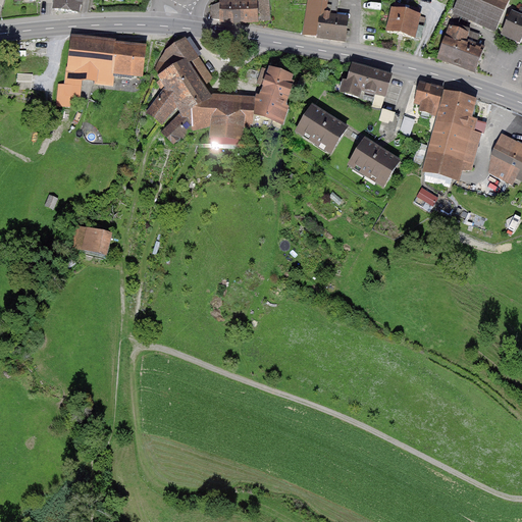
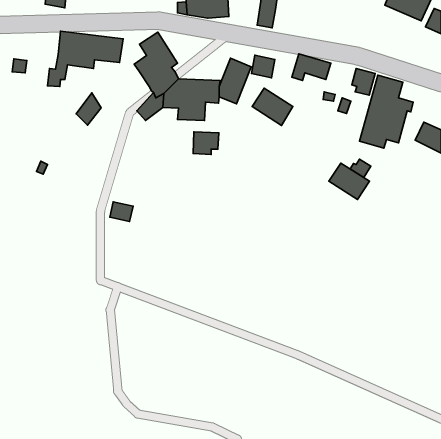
building: [387,7,419,34] -> none
building: [320,11,348,38] -> [251,55,275,78]
building: [437,24,483,69] -> none
building: [146,85,175,122] -> [76,93,101,125]
building: [350,138,398,180] -> [329,163,370,199]
building: none -> [193,132,219,155]
building: [82,227,109,251] -> [110,202,133,222]

